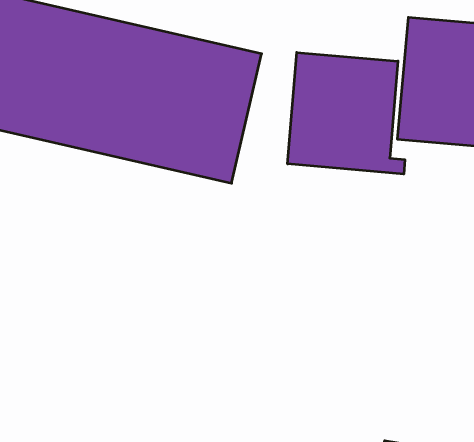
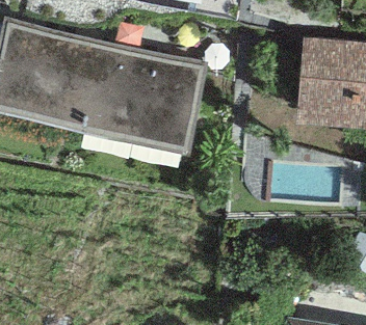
building: [288,52,405,174] -> none

